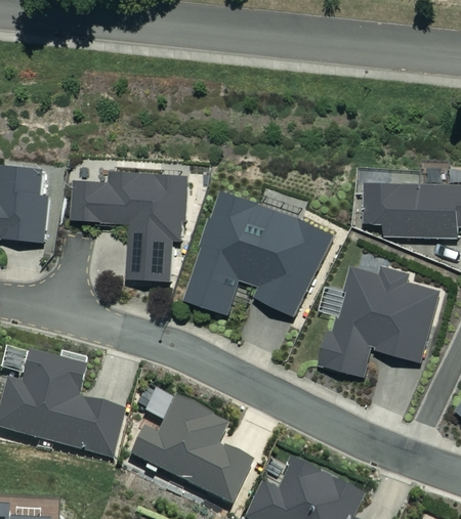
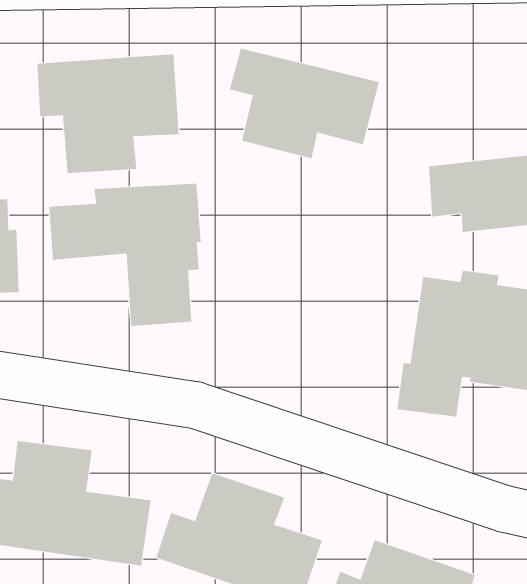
building: none -> [37,54,179,174]
building: none -> [229,48,379,159]
building: [185,191,331,317] -> none

